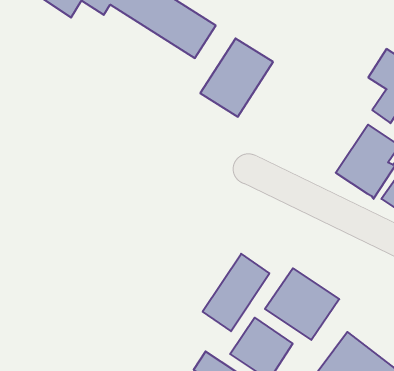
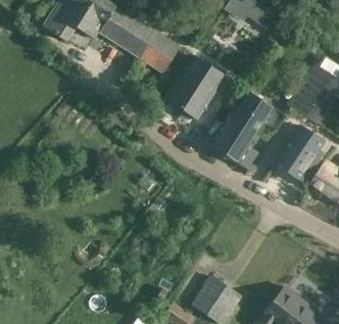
building: none -> [209,90,286,171]
building: [203,254,269,331] -> none
building: [265,268,339,340] -> none

